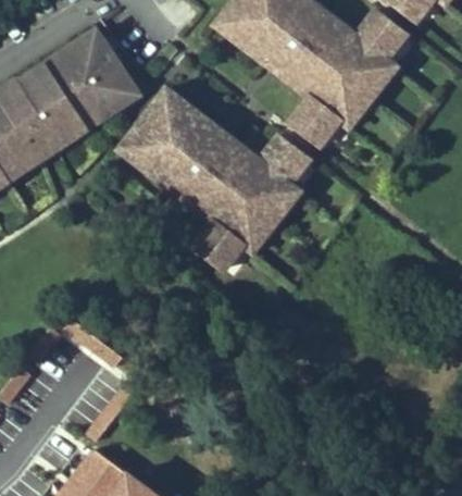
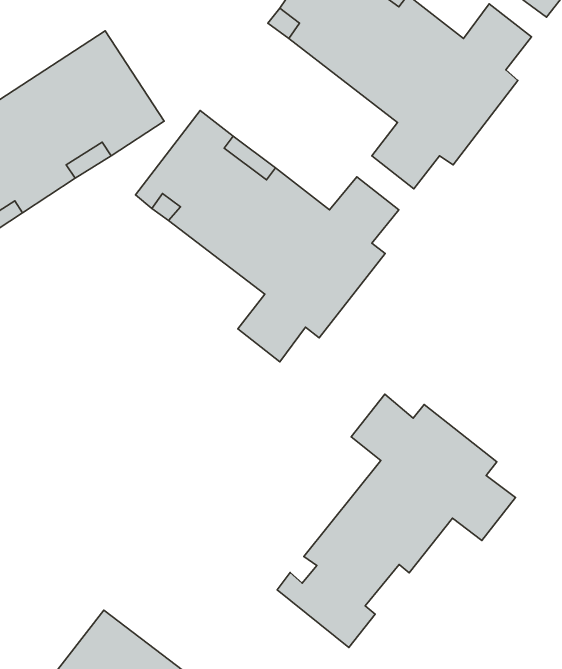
building: none -> [277,394,516,648]

